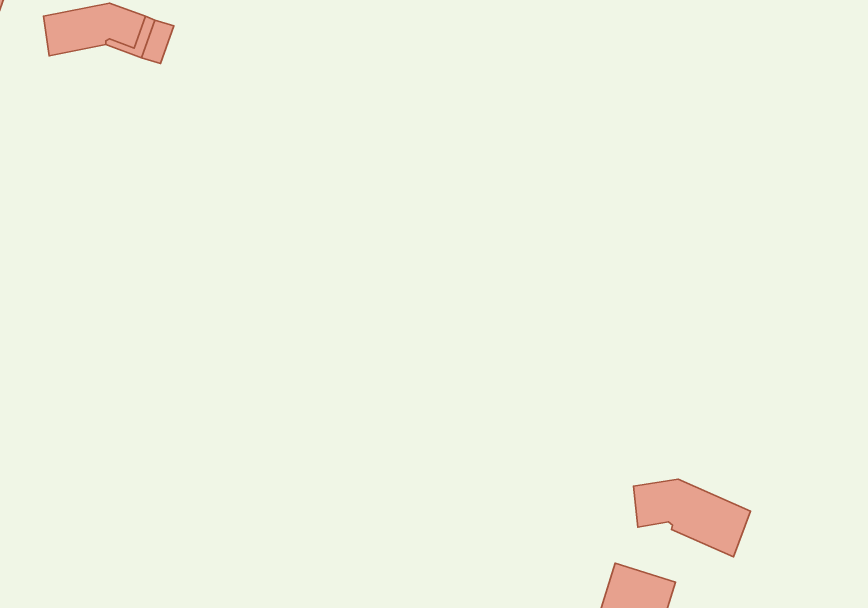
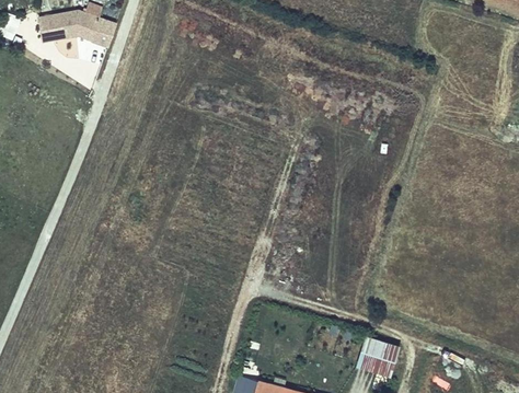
building: [633,479,751,557] -> none

